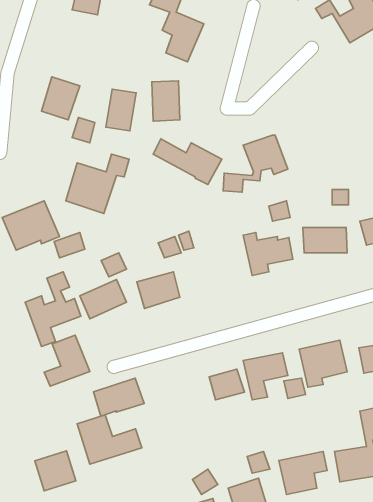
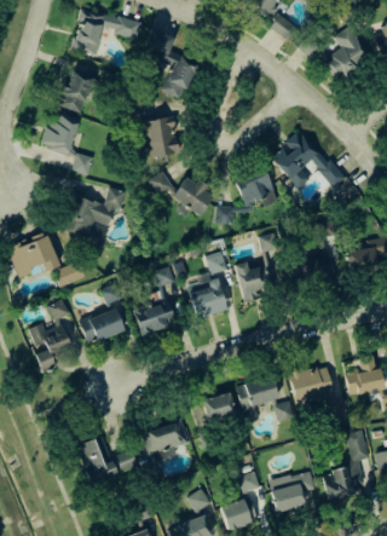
building: [106,89,136,131] -> [62,73,91,113]
building: none -> [271,131,342,189]
building: none -> [187,253,227,318]
building: [44,335,90,386] -> none
building: [93,378,144,416] -> [141,421,190,457]
building: [35,451,76,491] -> none

